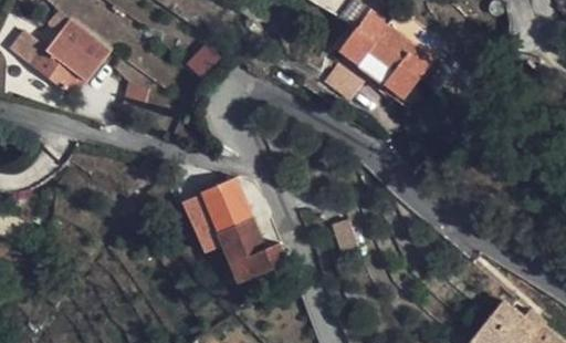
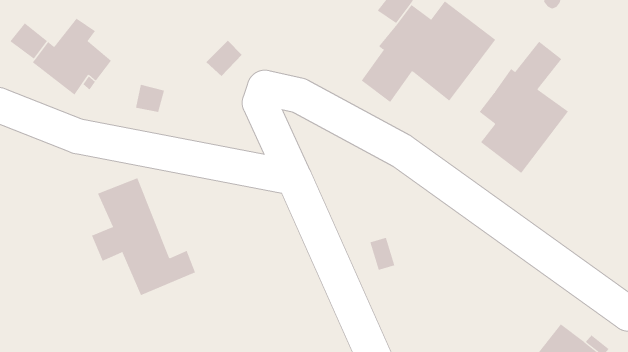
building: none -> [479,41,569,174]
building: [195,176,289,282] -> [91,178,196,296]

